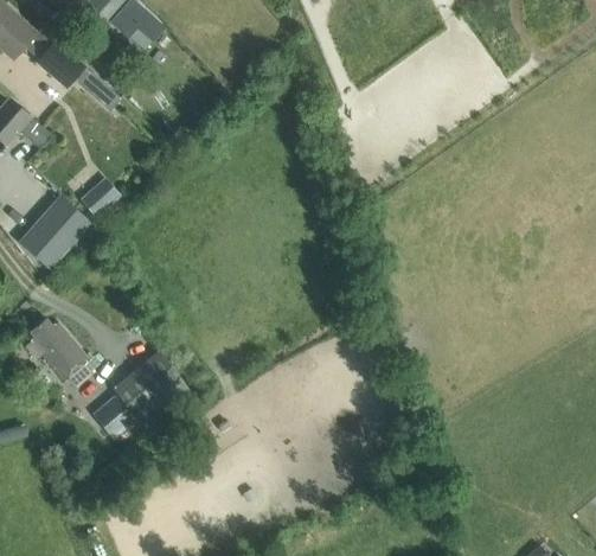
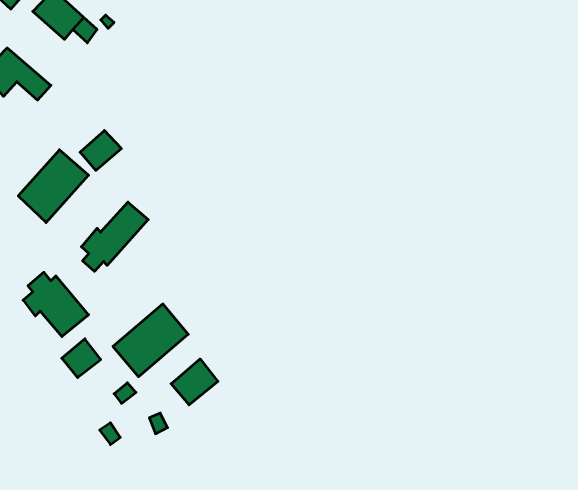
building: none -> [81,202,148,271]
building: [95,397,133,435] -> [62,339,101,378]
building: none -> [171,359,218,405]

